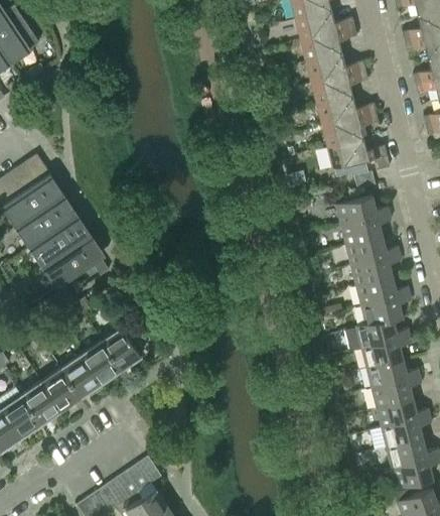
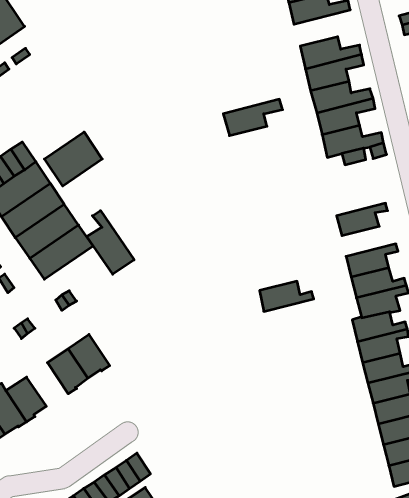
building: [300,27,357,62] -> [223,99,283,136]
building: none -> [44,132,102,186]
building: [335,197,389,227] -> none
building: none -> [87,211,134,274]
building: [346,237,399,266] -> [260,281,314,311]
building: [102,329,141,372] -> none
building: [41,369,82,411] -> none

